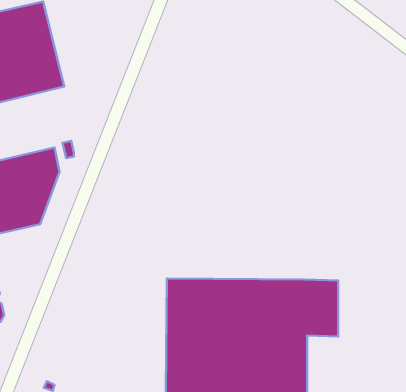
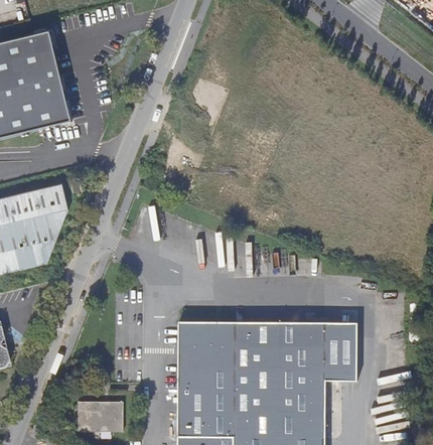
building: none -> [78,401,123,430]

